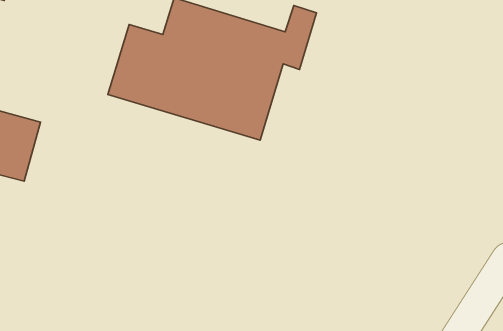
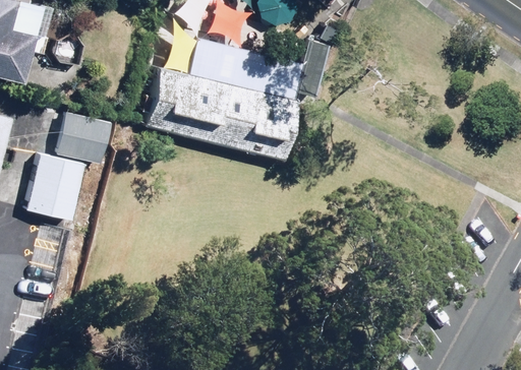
building: none -> [55,108,110,161]

